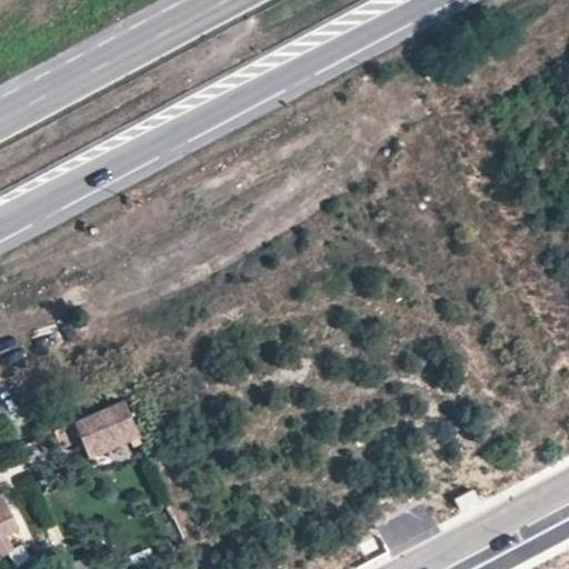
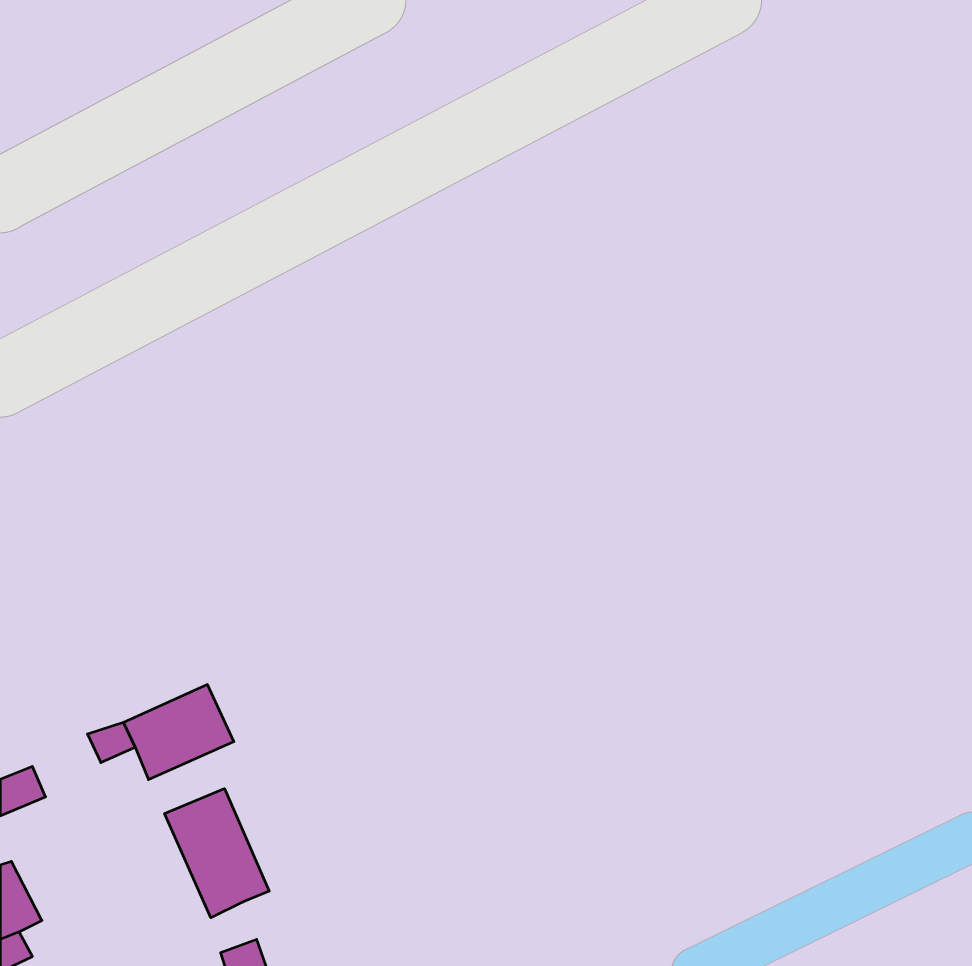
building: none -> [165,789,269,918]

